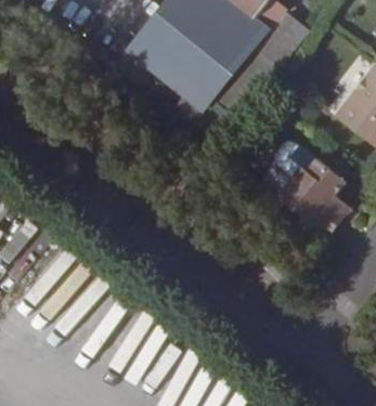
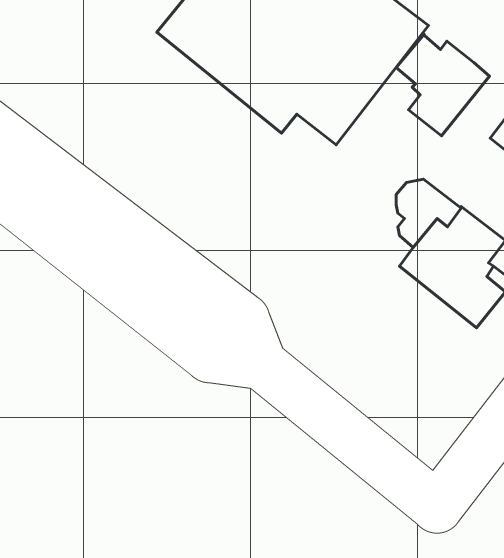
building: none -> [396,34,490,136]

